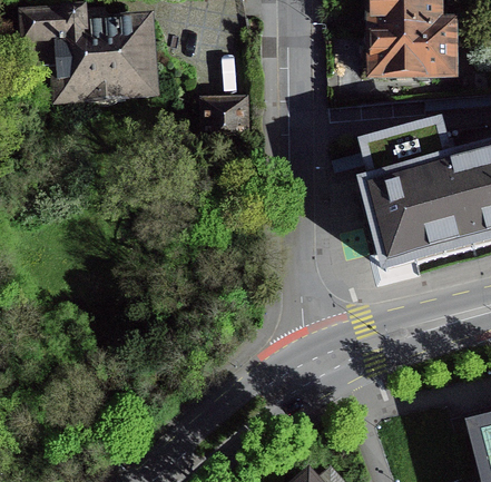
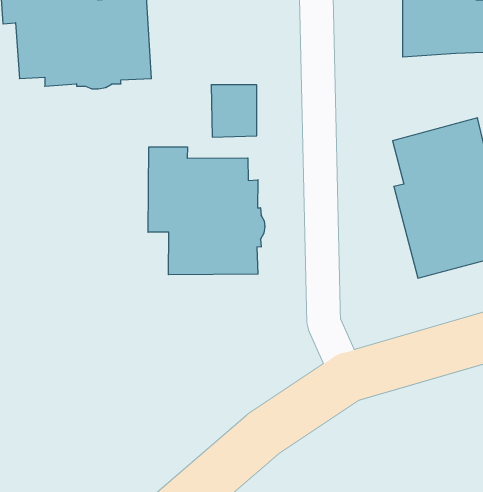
building: none -> [148,147,265,275]

